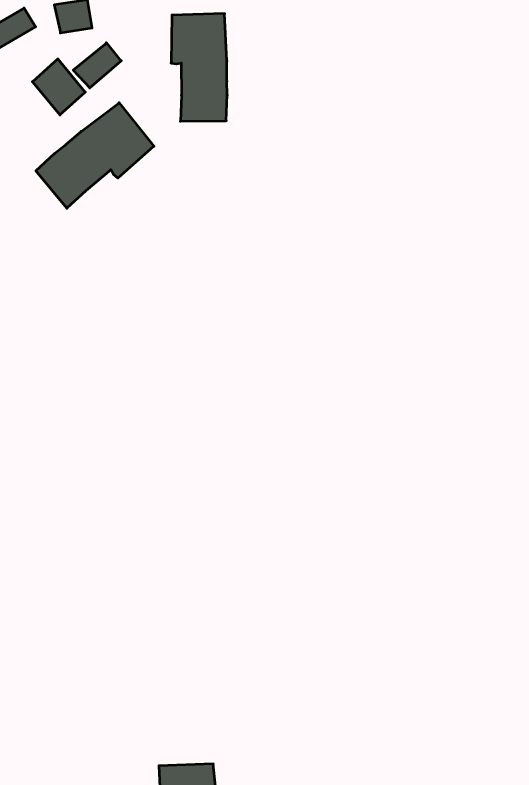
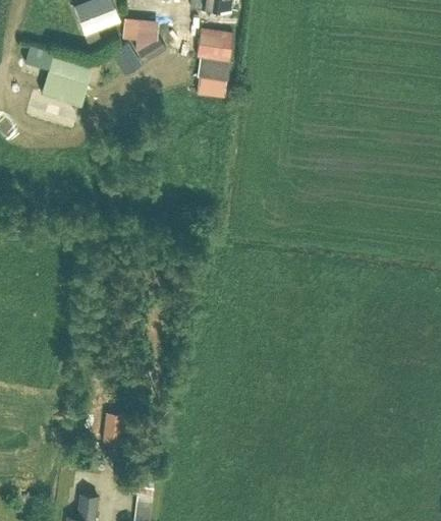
building: [36,103,154,208] -> none
building: none -> [102,411,124,443]

